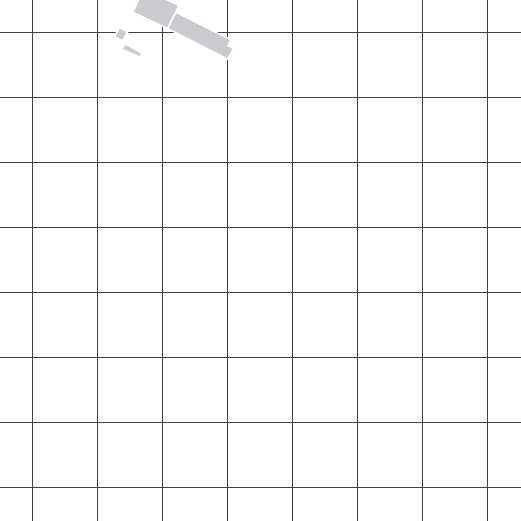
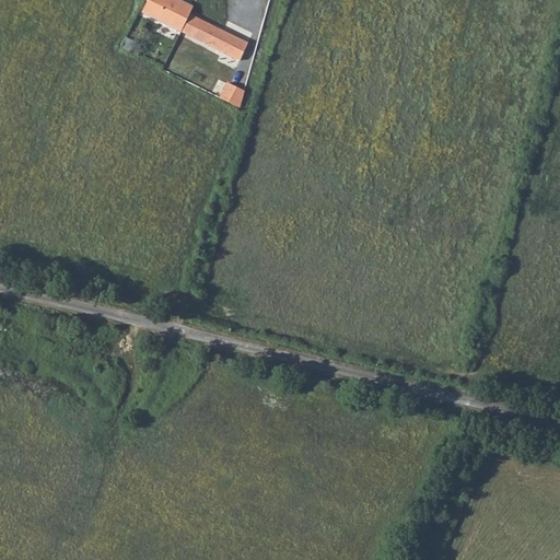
building: none -> [219,80,246,105]

